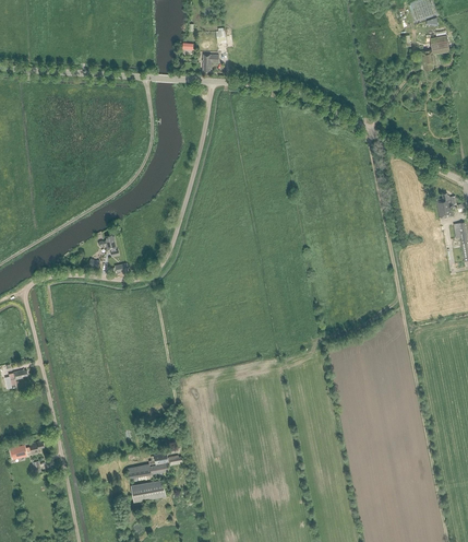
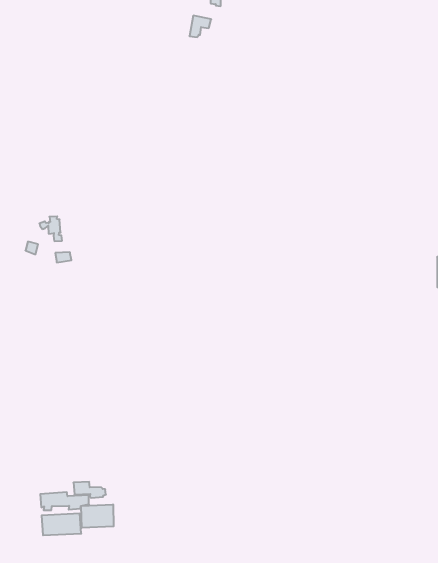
building: none -> [81,504,114,528]

